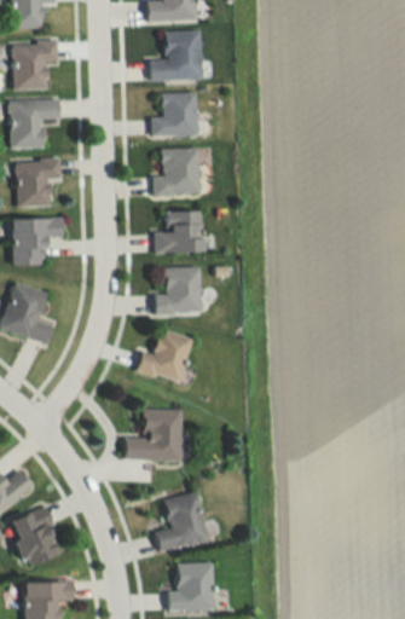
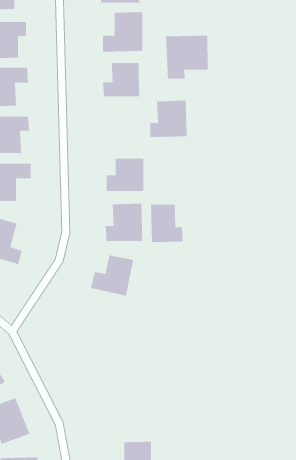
building: none -> [165,35,209,80]
building: [154,147,201,195] -> [149,100,187,138]
building: none -> [150,204,183,243]
building: [125,409,181,459] -> none
building: [155,491,208,550] -> none

